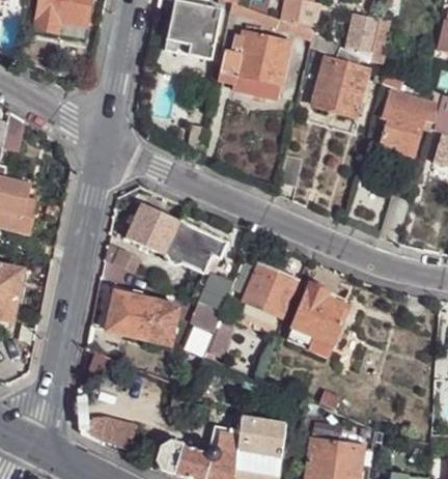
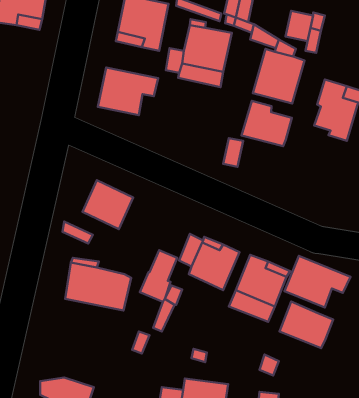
building: none -> [98,67,158,115]
building: none -> [242,101,292,146]
building: [167,219,229,272] -> none
building: none -> [284,256,350,308]
building: none -> [279,301,333,348]

